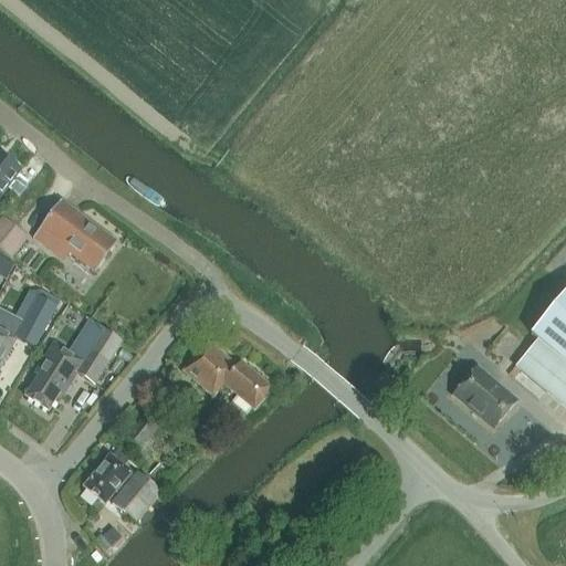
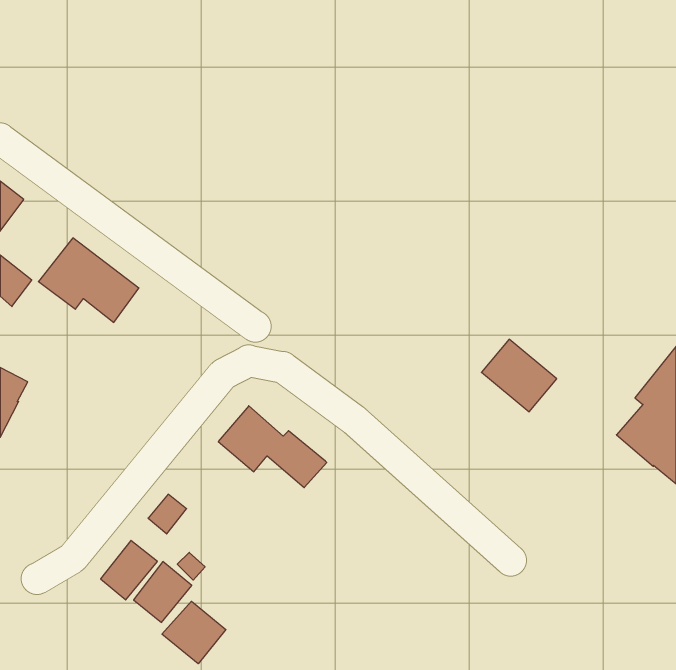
building: [24,289,65,329] -> none
building: [24,317,122,409] -> none
building: [453,366,516,427] -> [481,339,557,412]
building: none -> [162,601,226,664]

